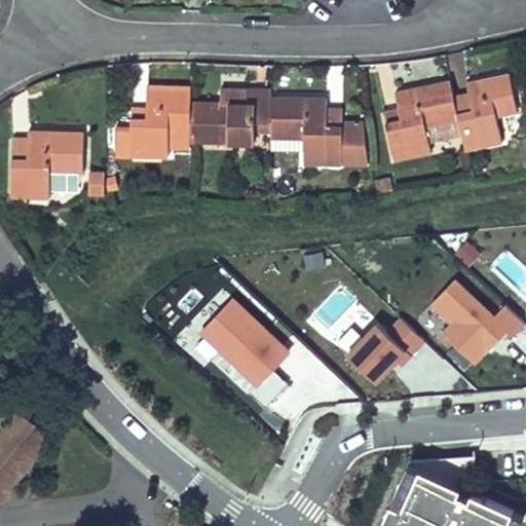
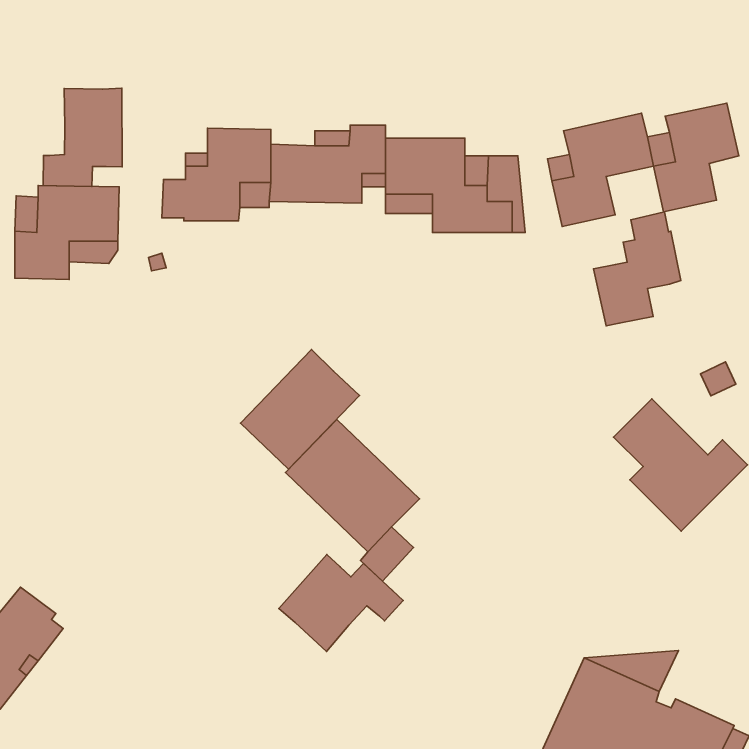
building: none -> [43,88,122,186]
building: none -> [593,212,681,326]
building: none -> [240,350,360,469]
building: [345,321,420,388] -> none
building: none -> [279,554,403,652]

